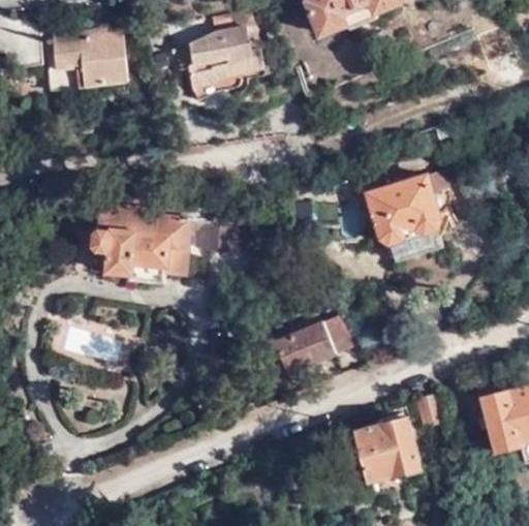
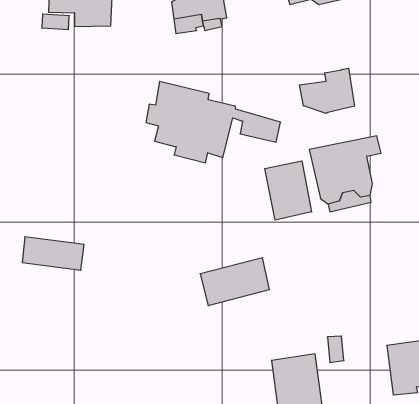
building: none -> [299,68,355,113]
building: [89,202,239,285] -> [146,81,281,163]
building: none -> [265,161,312,220]

